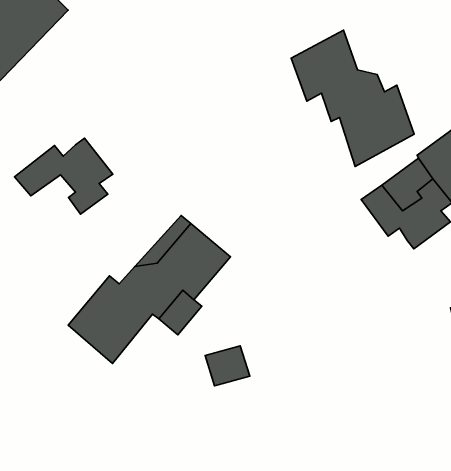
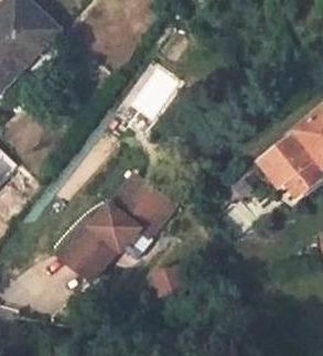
building: [291,30,414,167] -> none
building: [15,138,113,214] -> none

